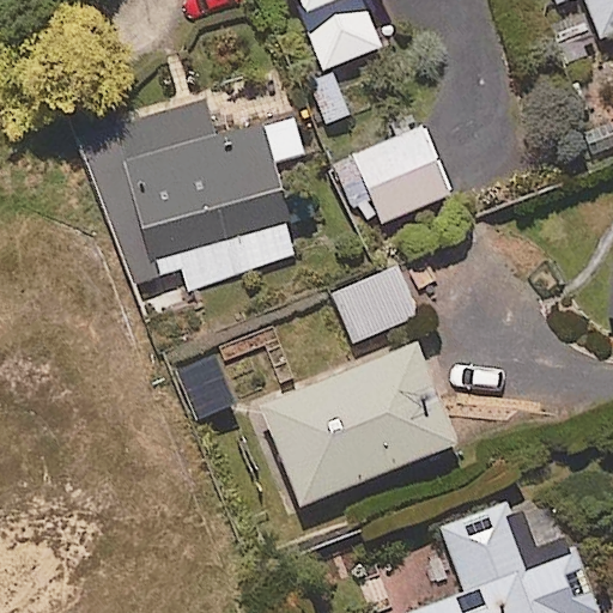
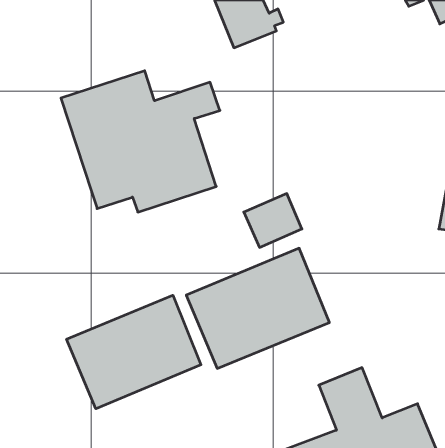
building: [350,126,453,226] -> none
building: none -> [67,295,201,409]

